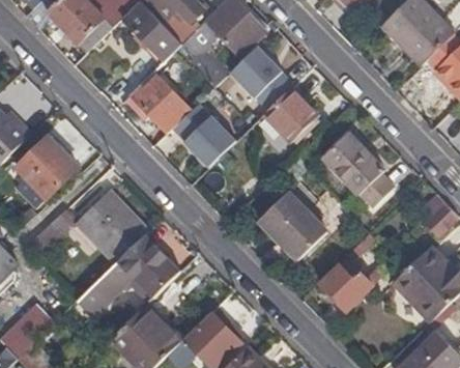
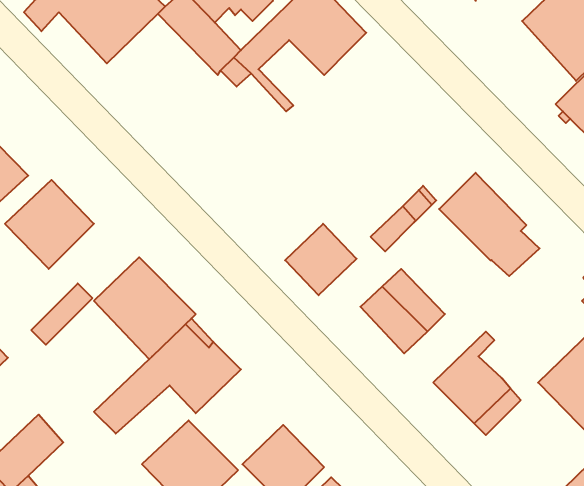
building: [231,44,285,96] -> none
building: [131,73,191,133] -> none
building: [263,86,317,140] -> none
building: [185,115,236,166] -> [285,224,357,295]

